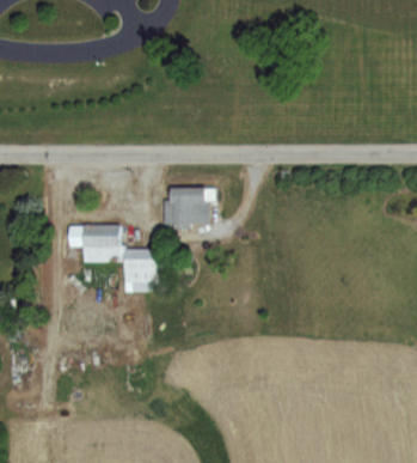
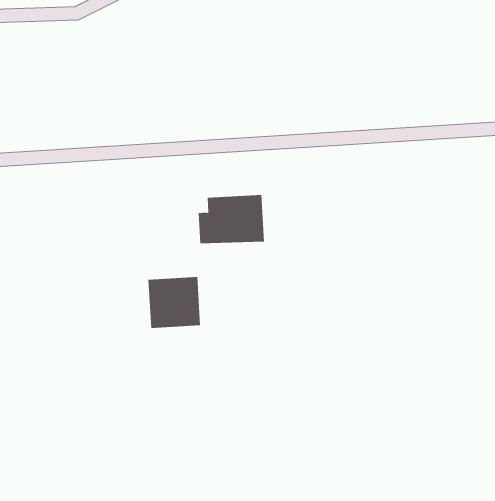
building: [69,225,121,261] -> none

